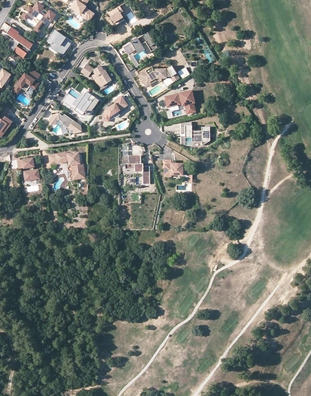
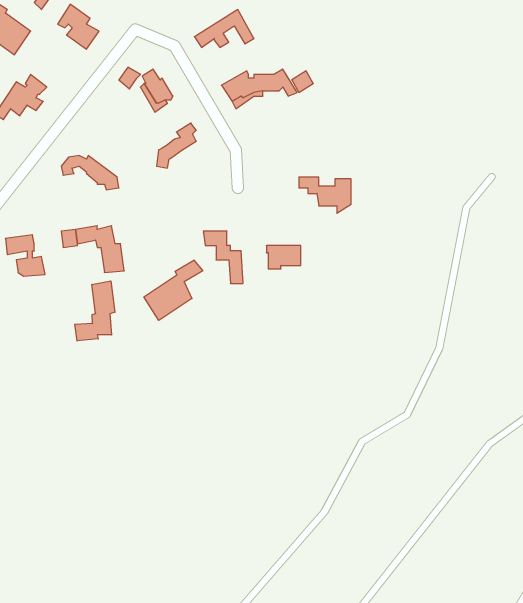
building: [165,90,195,113] -> none
building: [62,91,100,115] -> none
building: none -> [144,260,203,320]
building: none -> [75,281,115,341]

